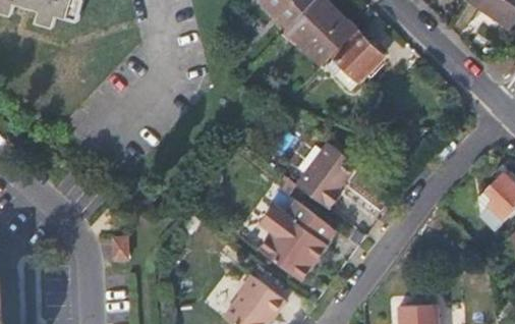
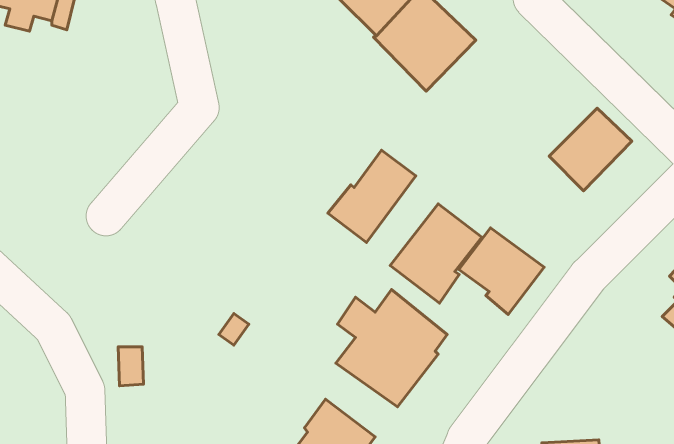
building: [326,33,382,89] -> [549,108,632,191]
building: none -> [328,150,416,242]
building: none -> [459,228,544,314]

